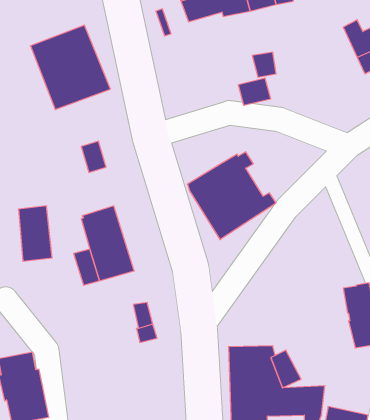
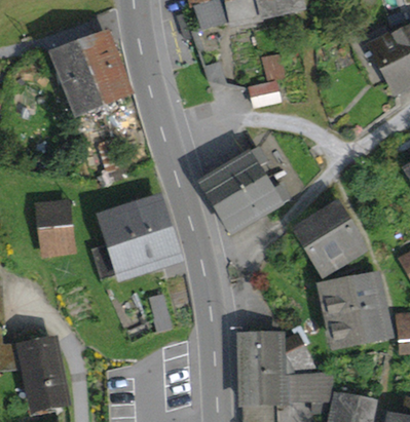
building: none -> [131,194,177,264]
building: none -> [295,203,364,275]
building: none -> [324,280,360,342]

